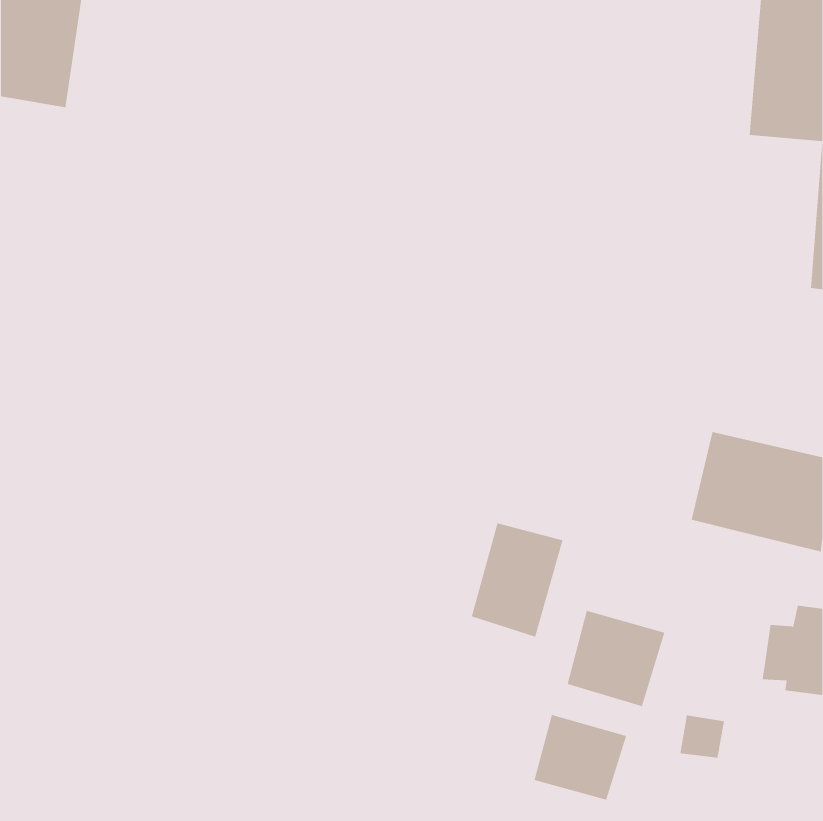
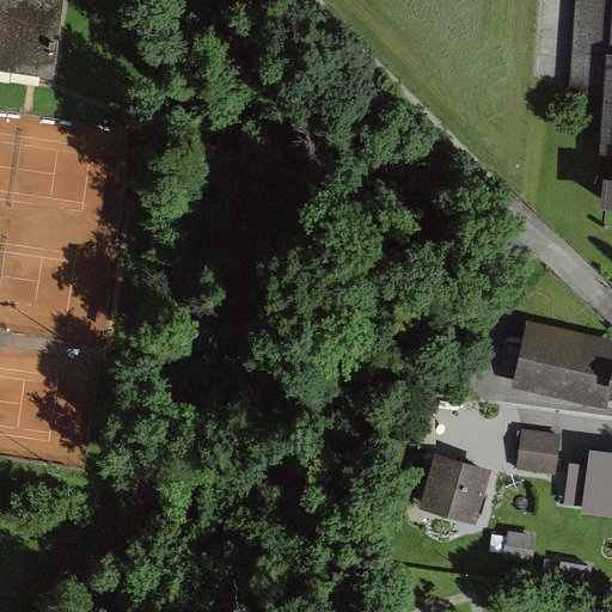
building: [471,523,563,637] -> none
building: none -> [518,429,562,475]
building: [534,714,627,800] -> none

